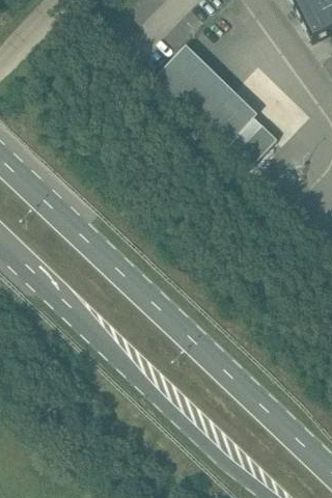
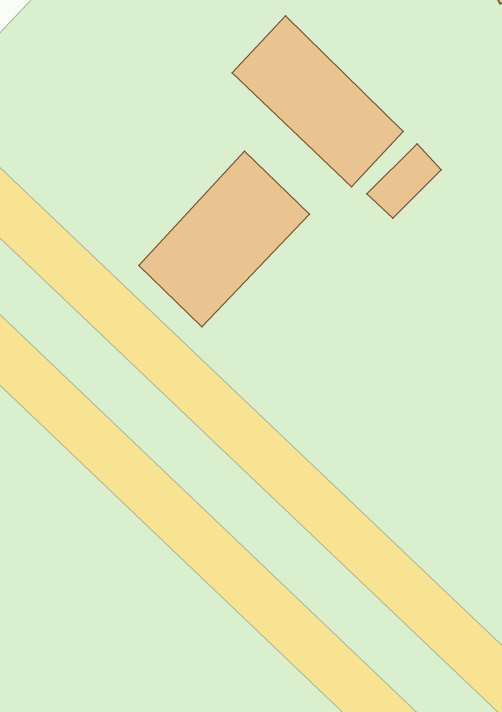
building: none -> [139,151,310,327]

